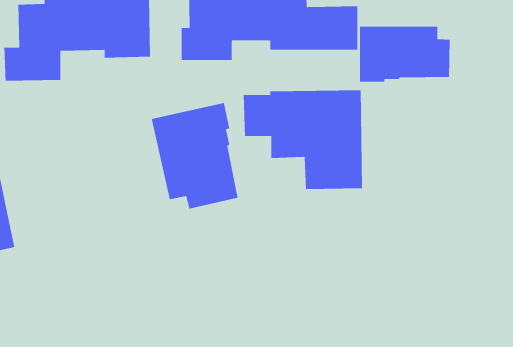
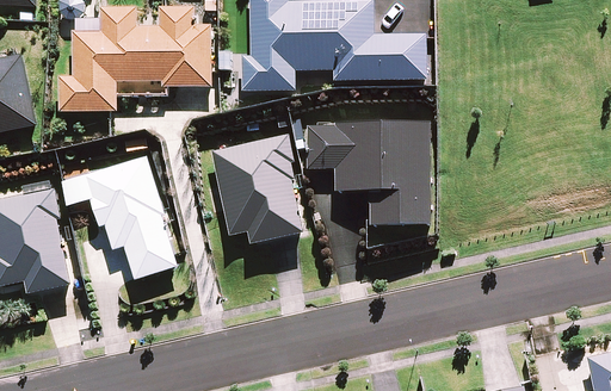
building: [359,26,450,83] -> none
building: none -> [84,156,178,280]

